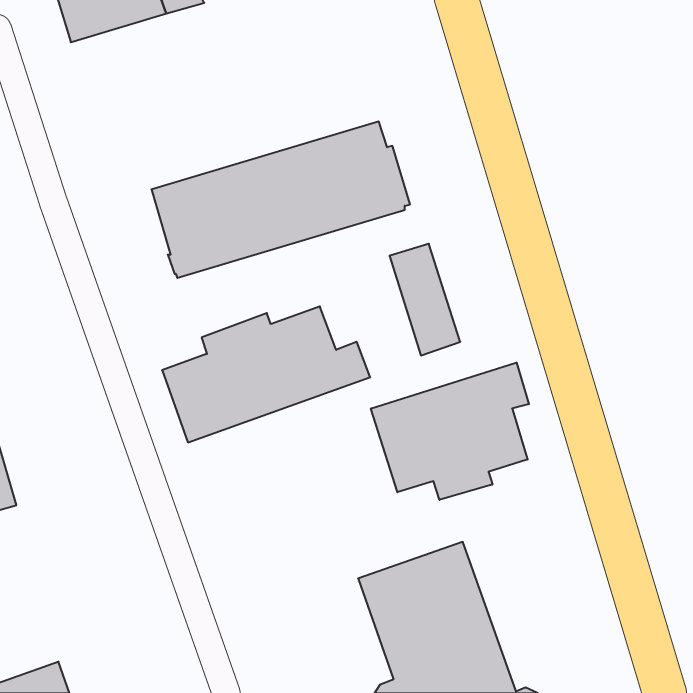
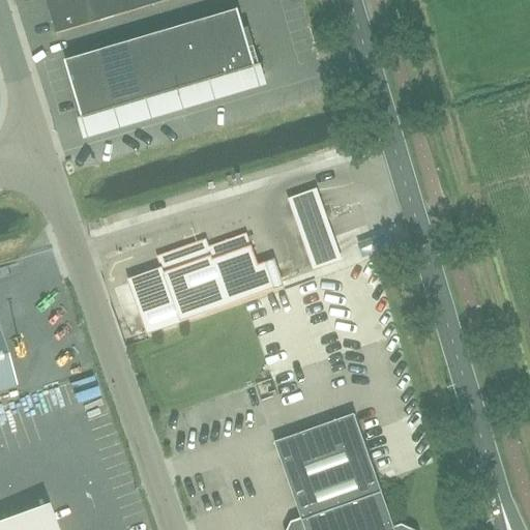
building: [151,121,410,278] -> [63,8,260,127]
building: [371,363,529,500] -> none

